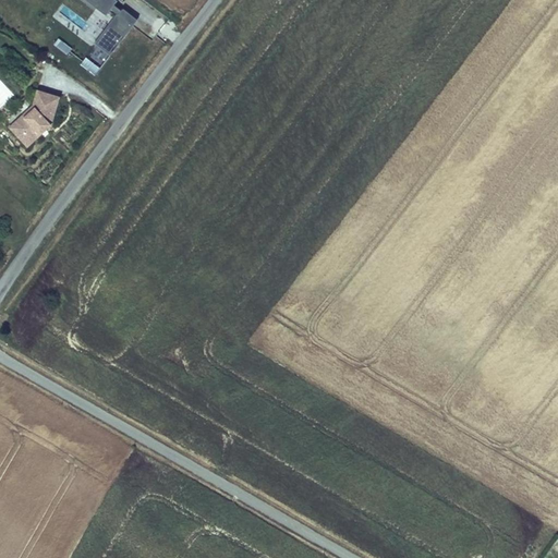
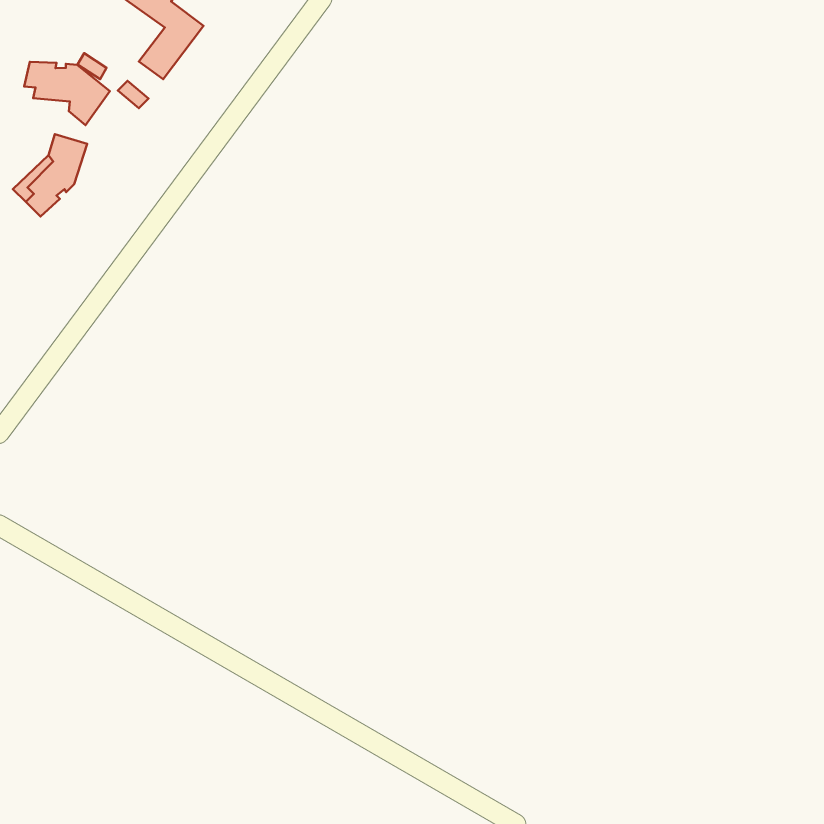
building: none -> [24,62,110,125]

